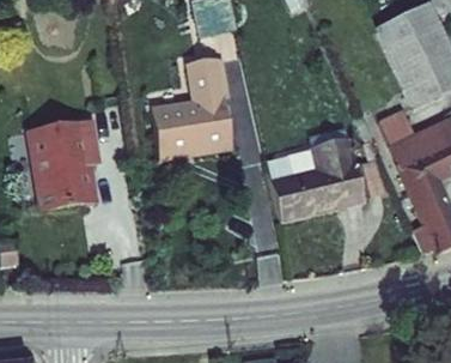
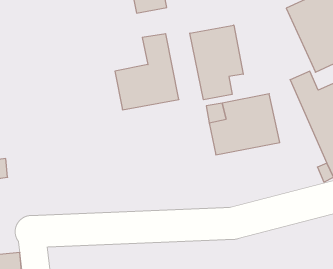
building: none -> [190,25,243,100]
building: [36,116,105,208] -> none

